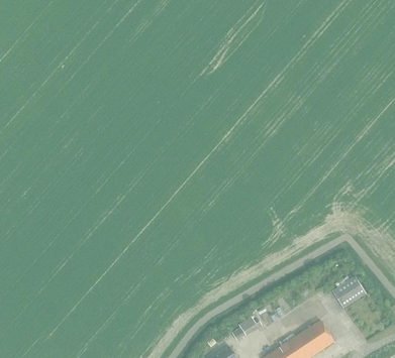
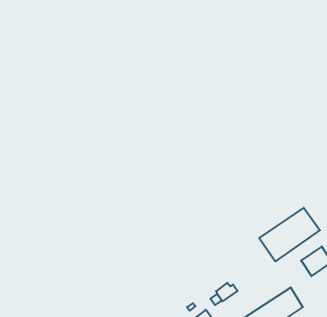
building: none -> [259,208,320,261]

